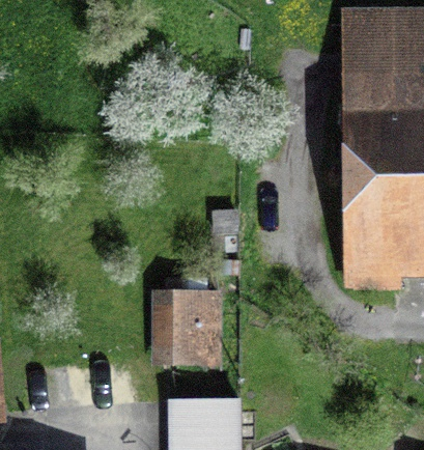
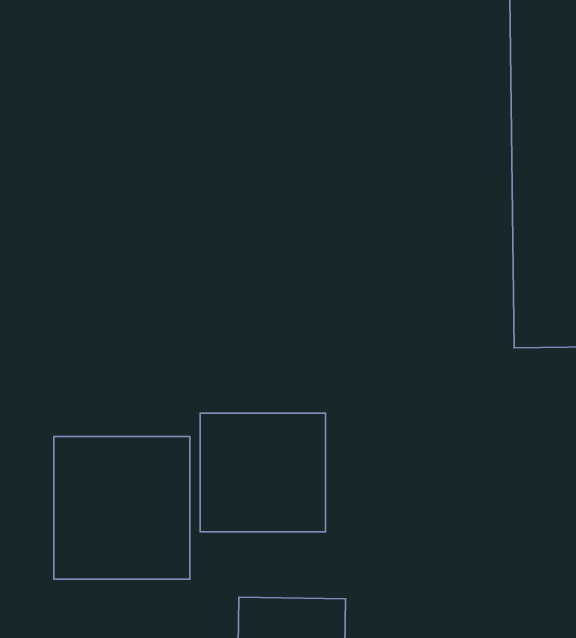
building: none -> [54,436,190,579]

